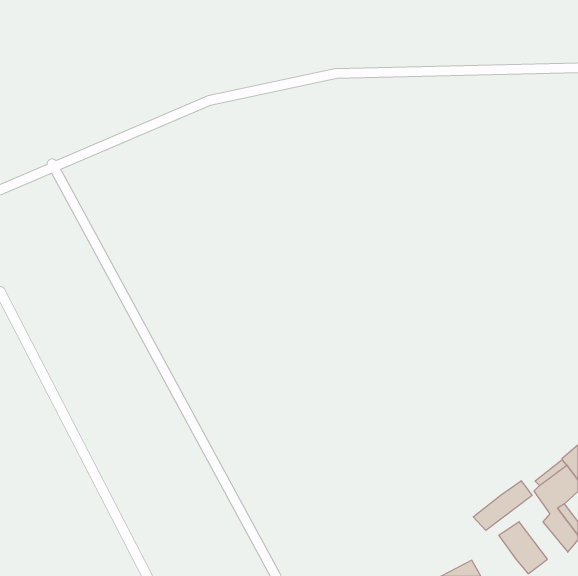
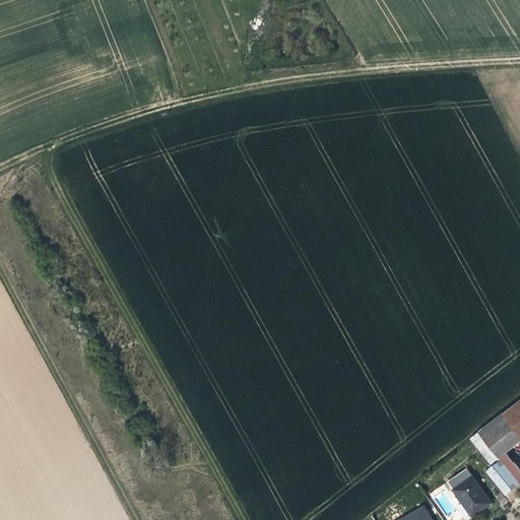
building: [473,481,532,530] -> none

